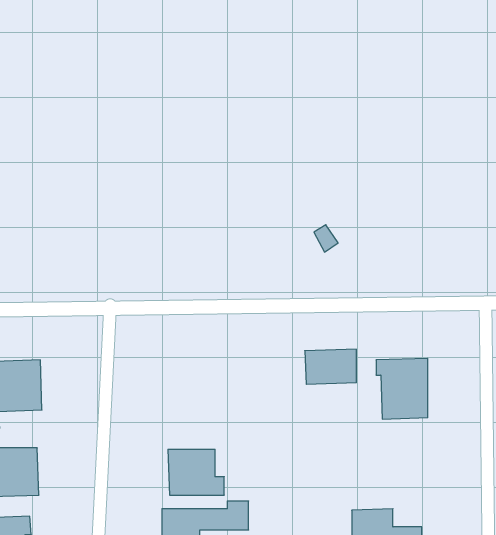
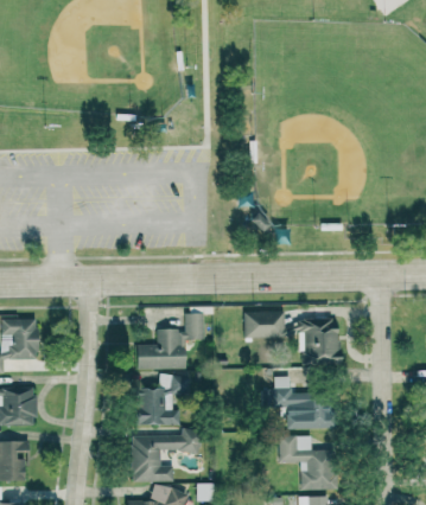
building: none -> [138,313,204,370]
building: none -> [262,377,331,429]

